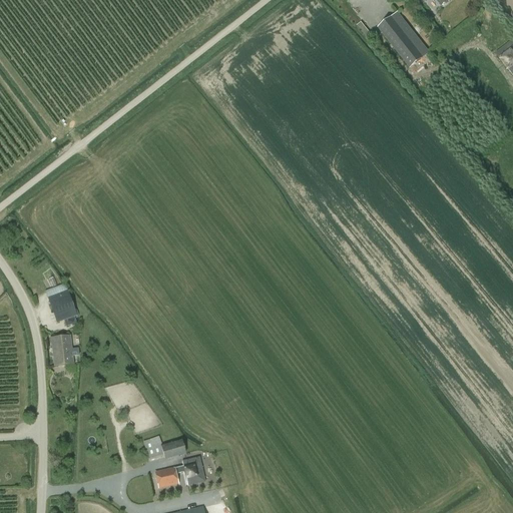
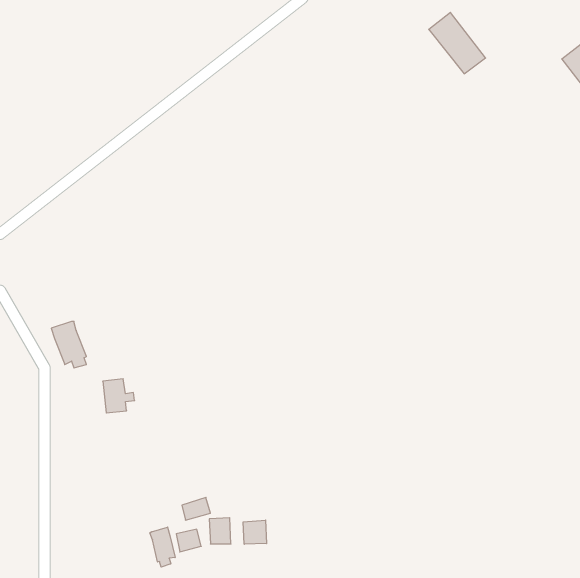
building: [52,335,80,365] -> [103,379,135,413]
building: none -> [243,520,267,544]
building: none -> [150,527,175,567]

